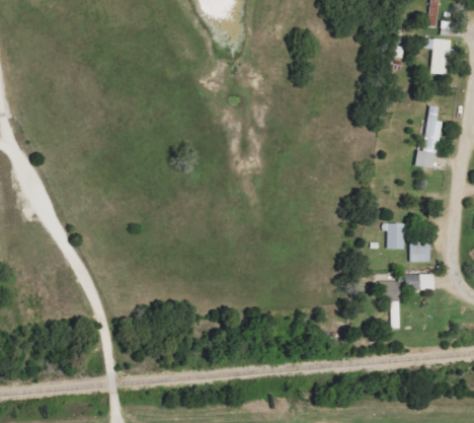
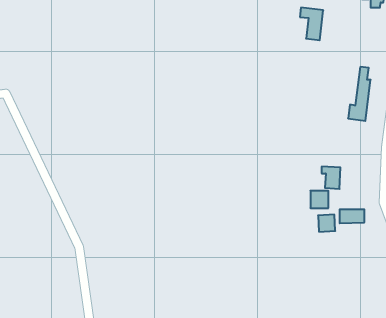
building: [423,38,451,76] -> [300,8,323,40]
building: [409,241,430,262] -> [310,191,328,208]

